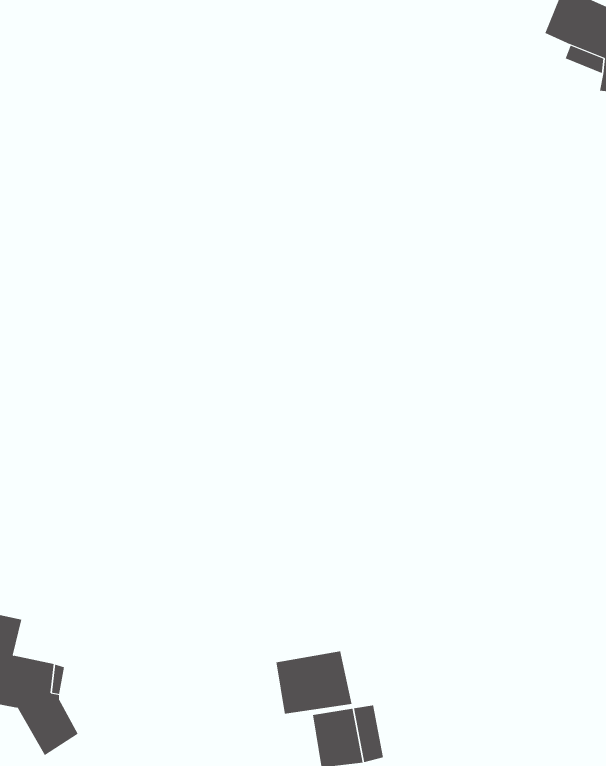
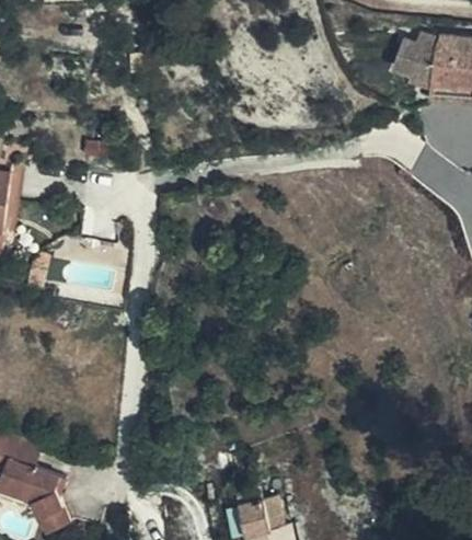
building: [276,651,352,714] -> none

